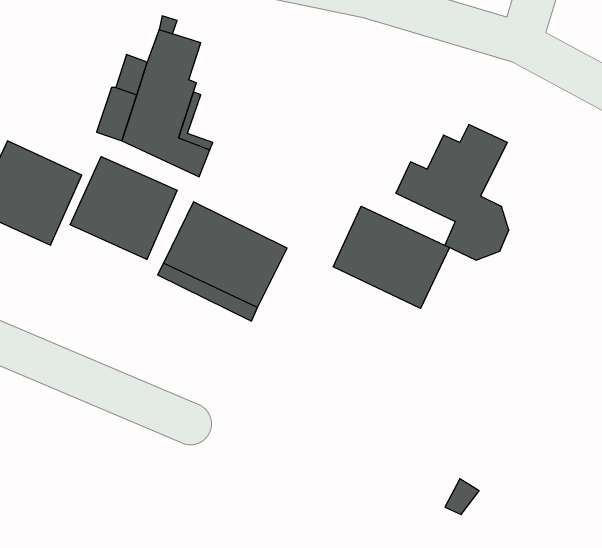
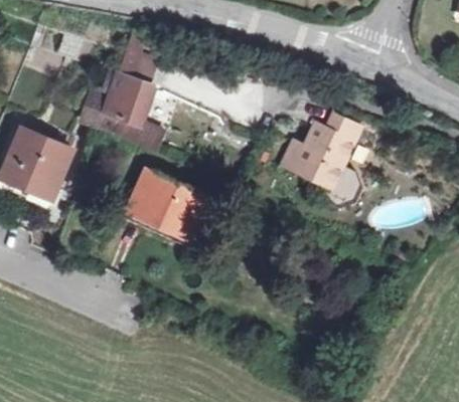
building: [70,157,177,259] -> none
building: [333,206,449,308] -> none

